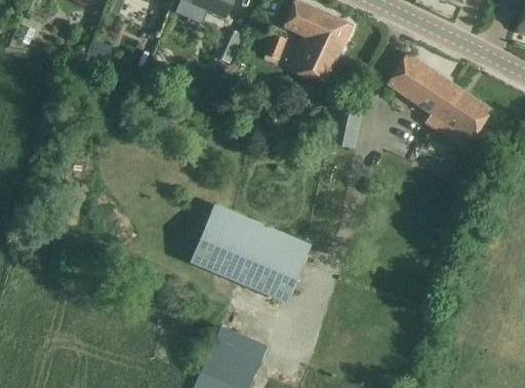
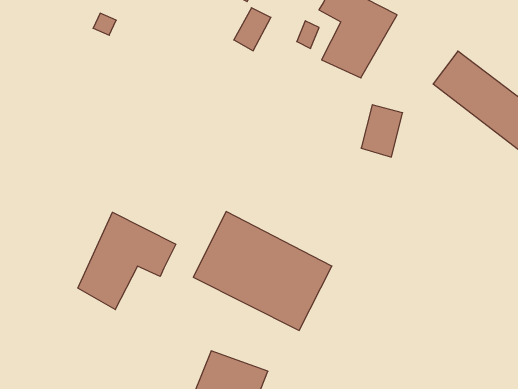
building: none -> [78,212,176,310]

